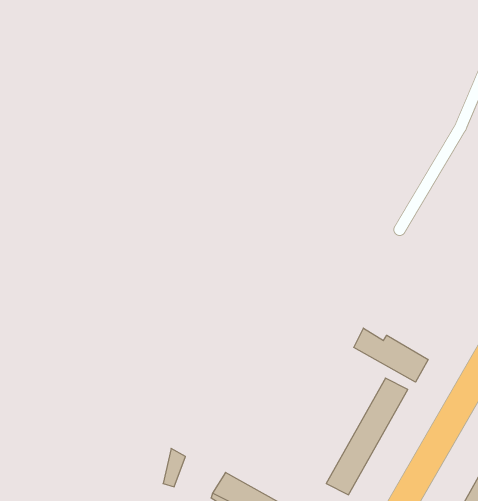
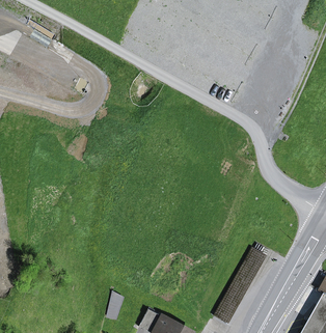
building: [354,328,428,382] -> none

